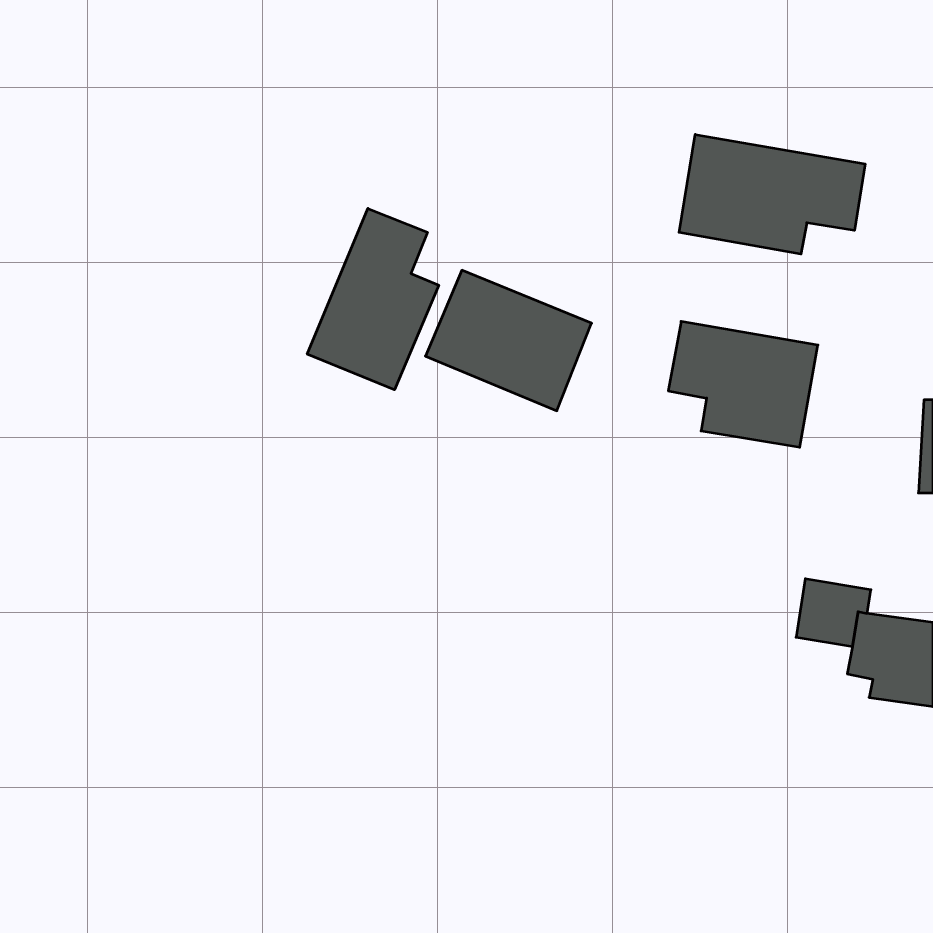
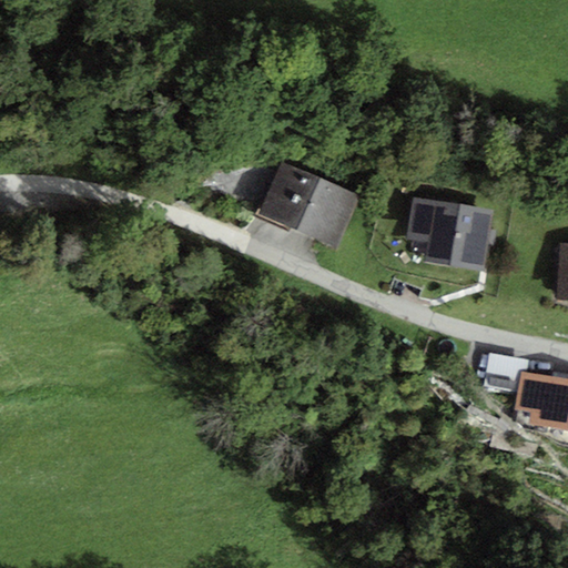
building: [679,134,865,254] -> none
building: [307,208,439,390] -> none

